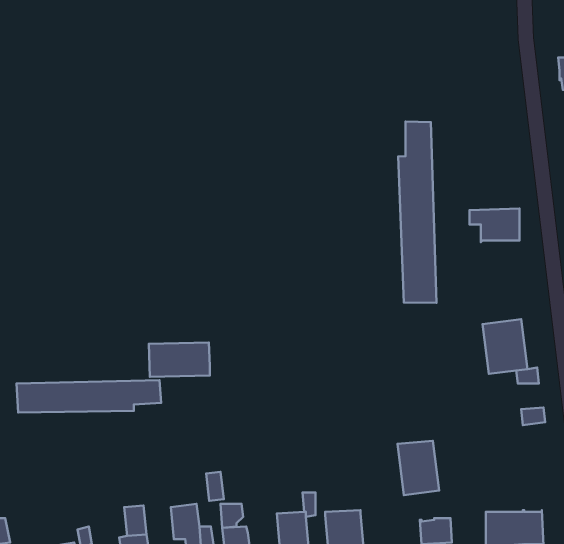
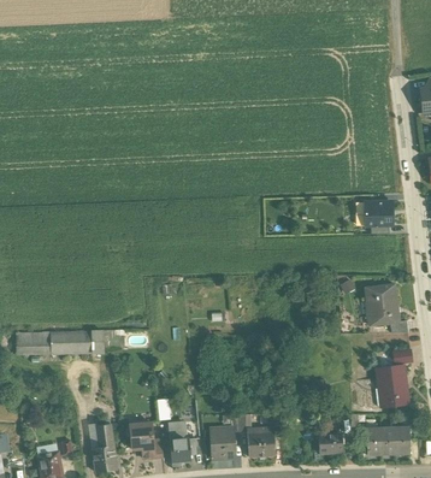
building: [398,121,437,303] -> none
building: [149,342,210,377] -> none
building: [397,441,439,495] -> [377,366,408,407]

